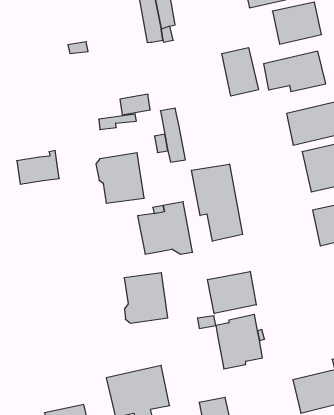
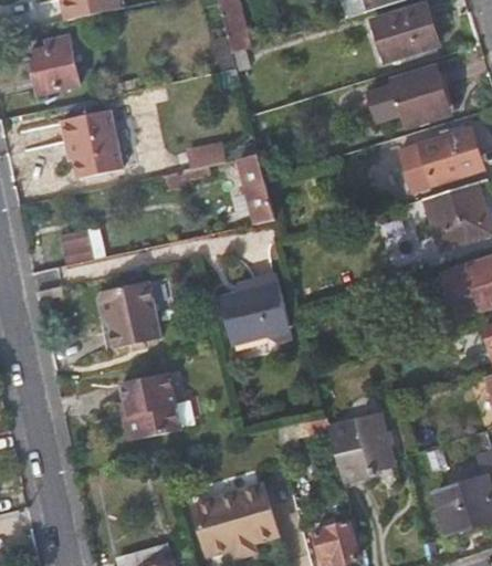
building: none -> [29,35,80,94]
building: [222,48,258,96] -> none
building: none -> [61,109,123,178]
building: [96,153,144,203] -> [97,285,163,353]
building: [191,164,242,241] -> none
building: [208,271,256,314] -> none
building: [124,273,168,323] -> [115,373,175,440]

